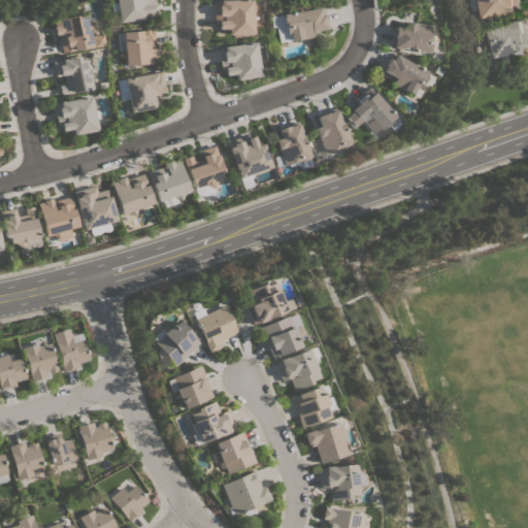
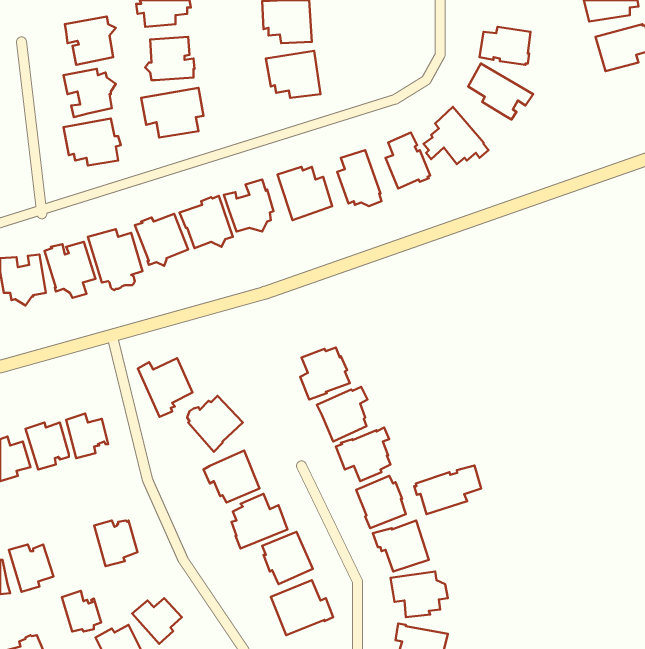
building: [273,7,332,43] -> none
building: [195,305,239,353] -> [138,358,192,417]
building: none -> [414,466,481,514]
building: [47,433,79,466] -> [62,591,101,632]

